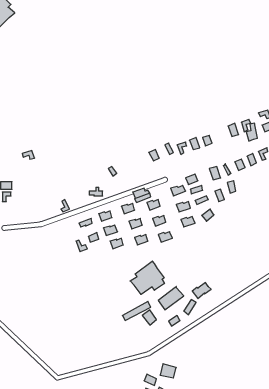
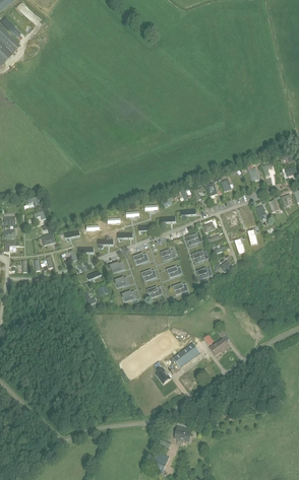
building: [130,261,164,294] -> none

